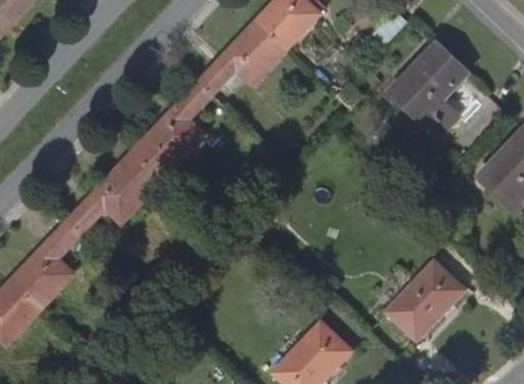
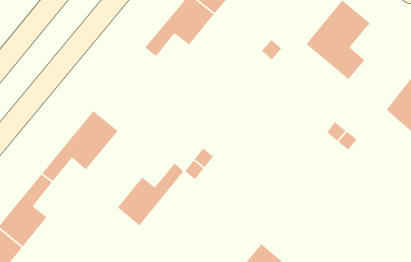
building: [134,82,213,178] -> none
building: none -> [117,163,184,226]
building: [388,261,465,339] -> none

